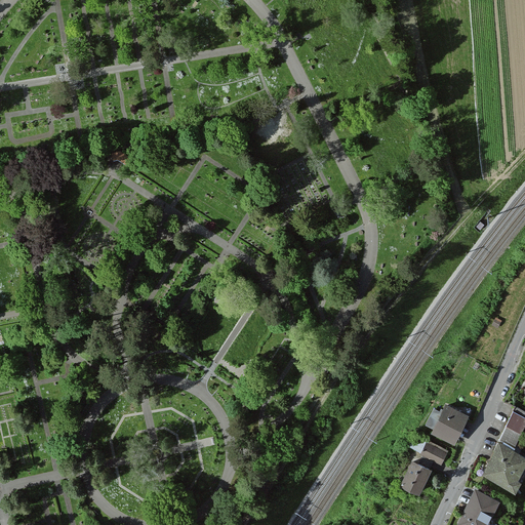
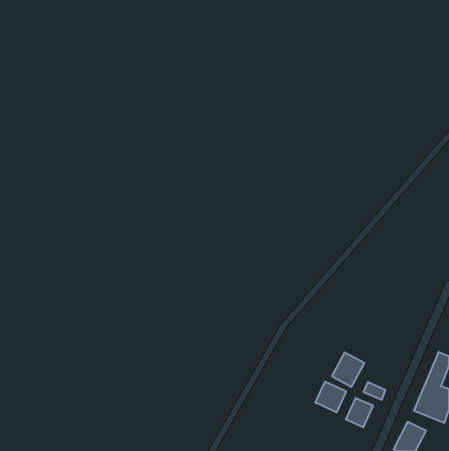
building: [433,406,471,446] -> [332,352,365,387]
building: none -> [315,381,346,412]

